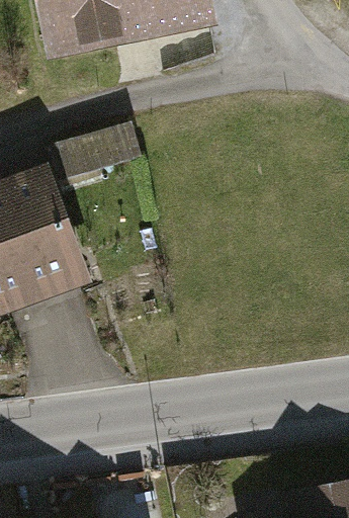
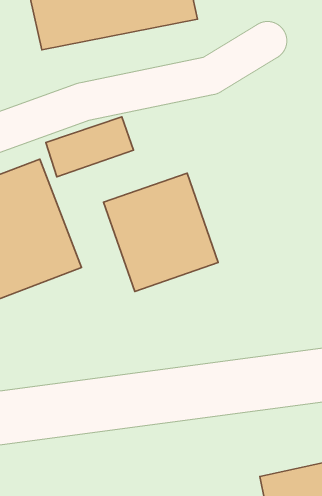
building: none -> [104,173,218,291]

